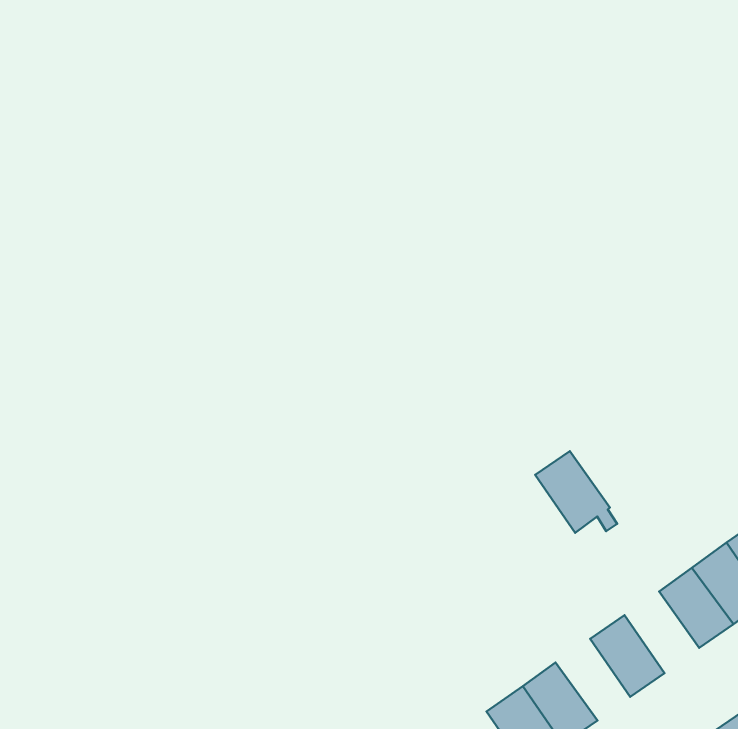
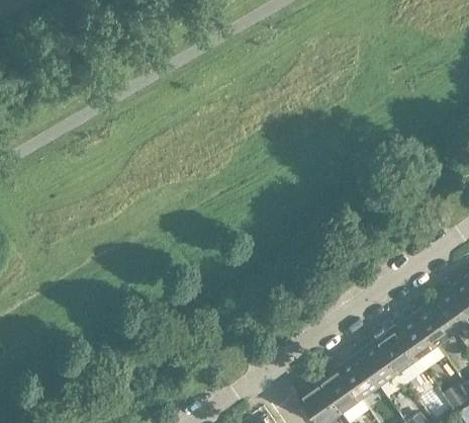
building: [535,451,617,533] -> [376,330,421,375]
building: none -> [338,356,379,402]

